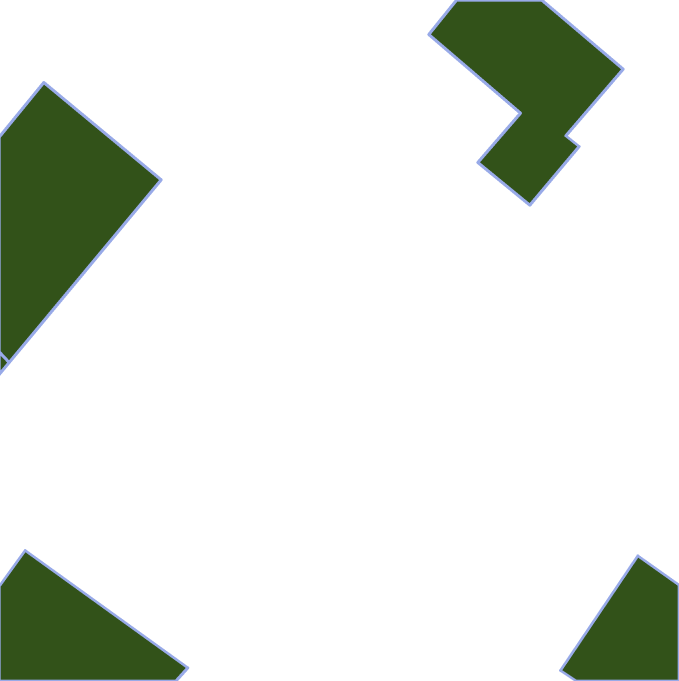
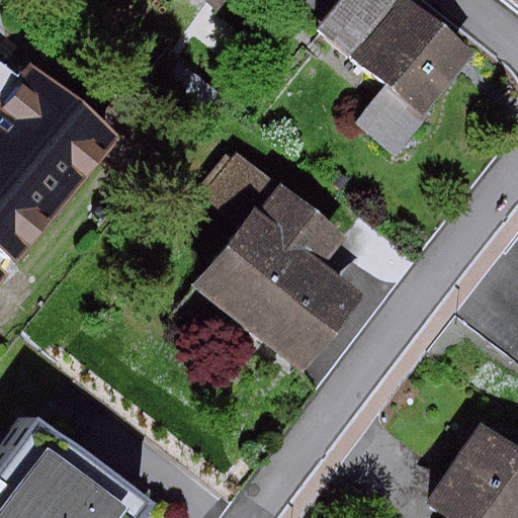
building: none -> [172,166,358,369]

